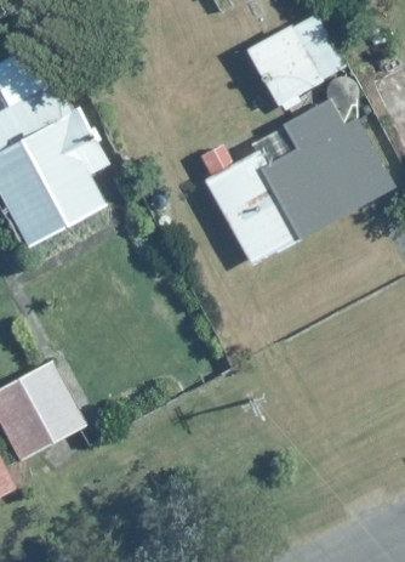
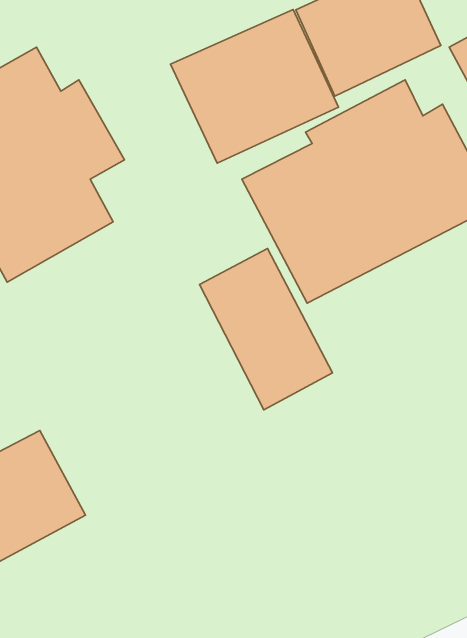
building: none -> [171,9,338,163]
building: none -> [199,249,333,410]

